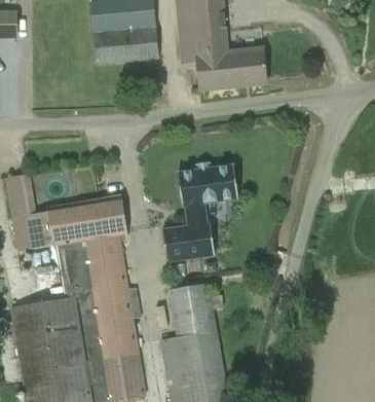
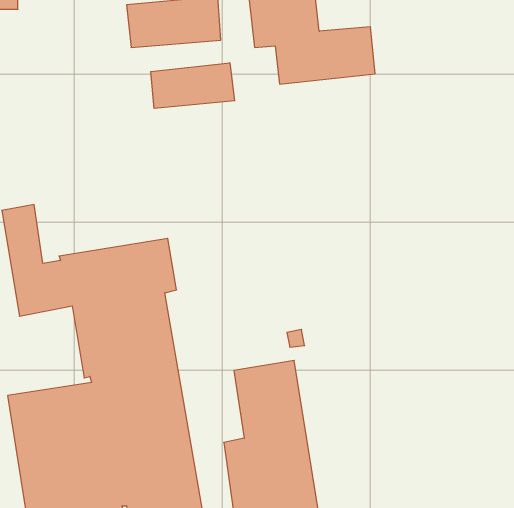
building: none -> [151,63,235,108]
building: [163,160,237,260] -> none

